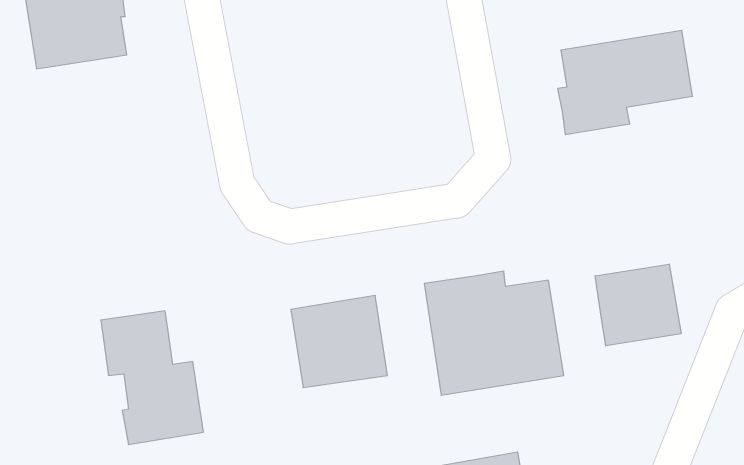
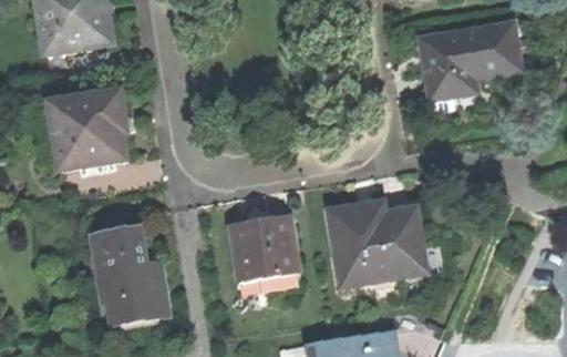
building: none -> [53,93,128,165]
building: [595,264,681,346] -> none

